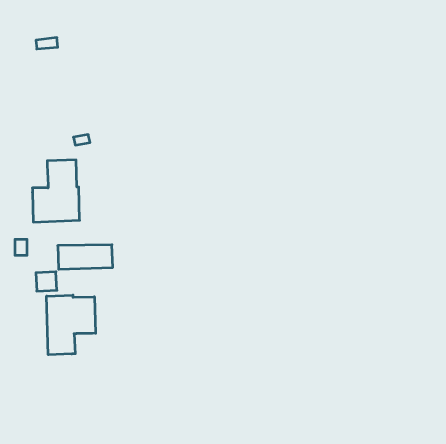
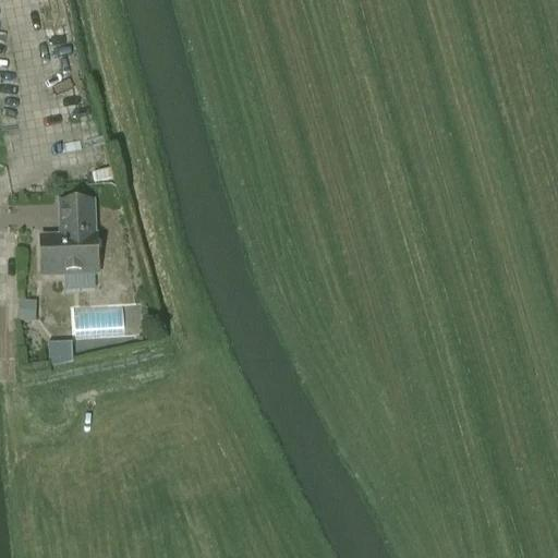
building: [47,295,96,355] -> none

